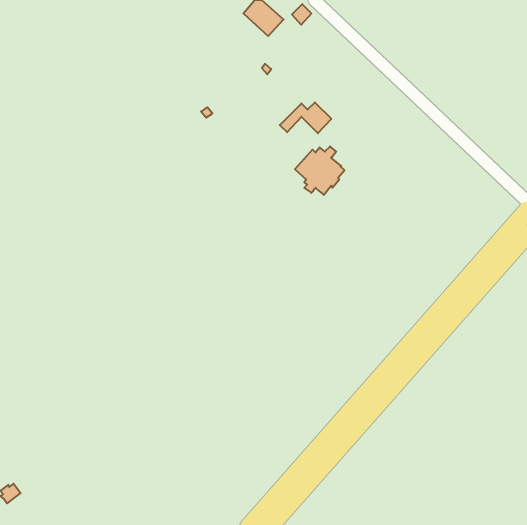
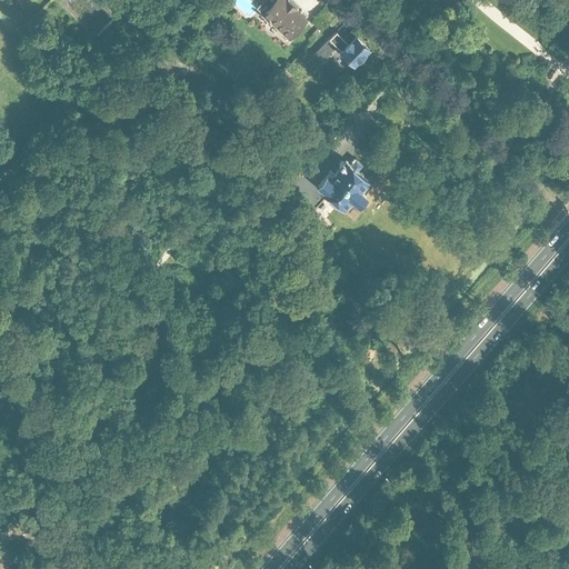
building: [280,102,331,133] -> [312,32,368,66]

